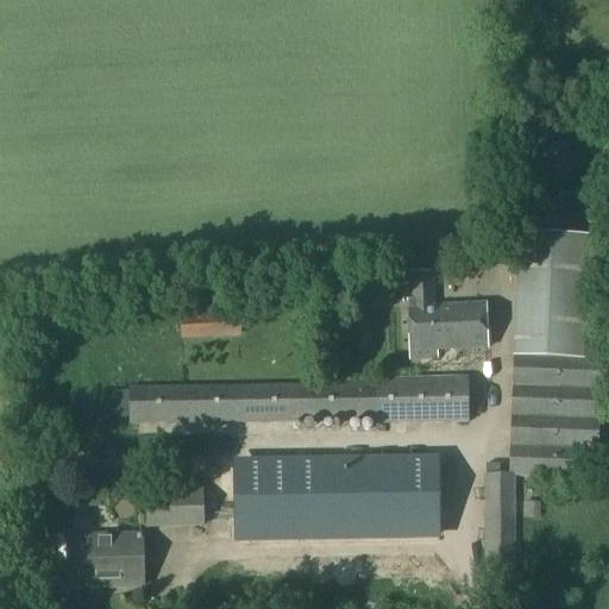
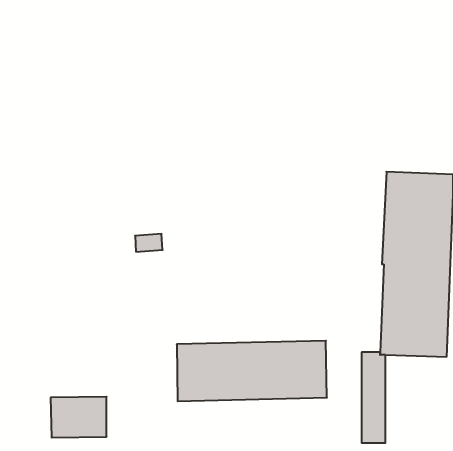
building: [408,270,486,357] -> none
building: [115,377,465,422] -> none
building: [145,488,205,525] -> none

